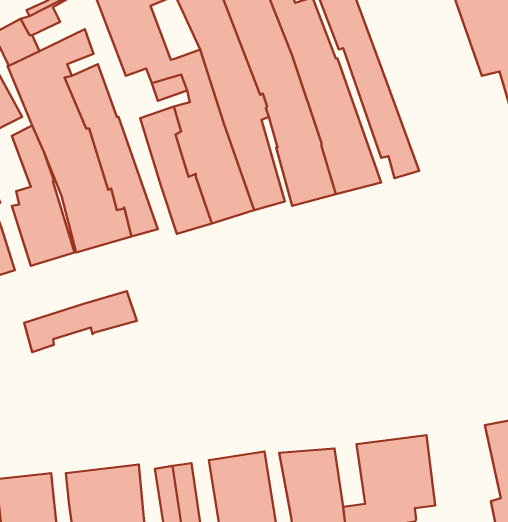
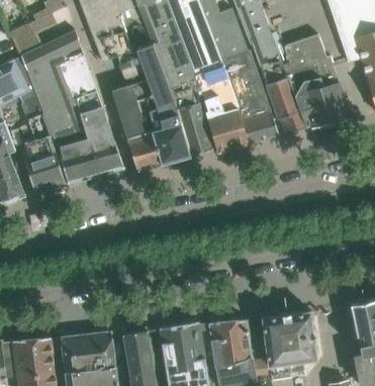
building: none -> [282,33,352,127]
building: [24,291,137,352] -> none

